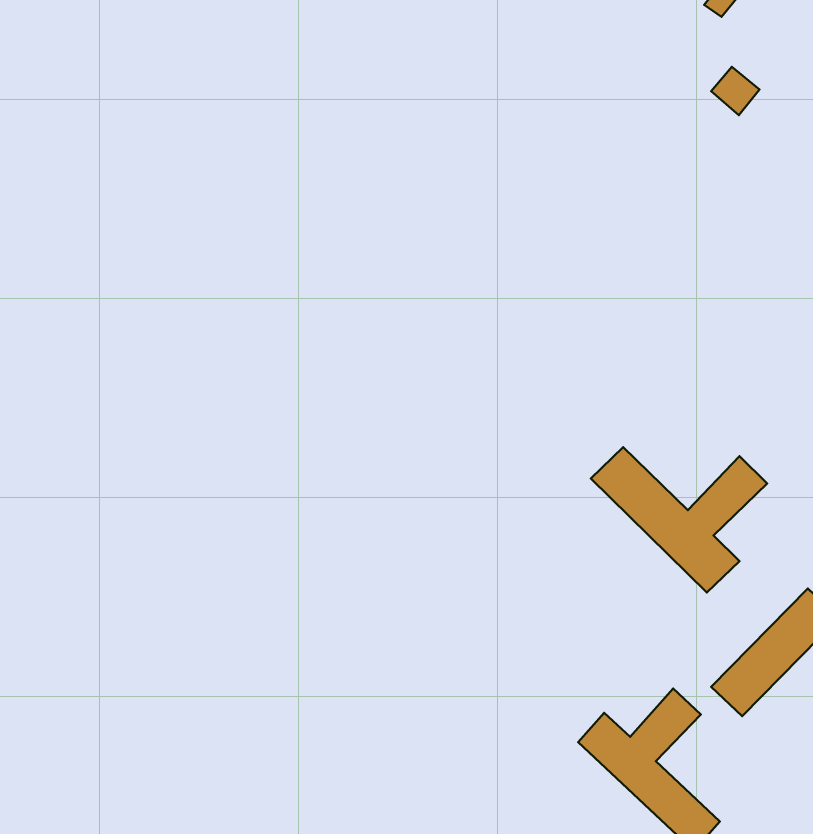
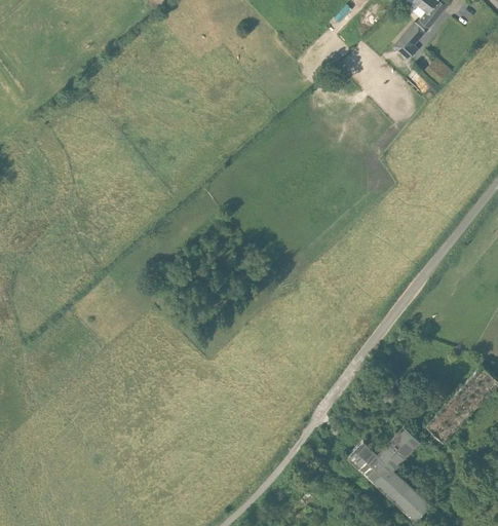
building: none -> [395,22,427,59]
building: [591,447,767,592] -> none

